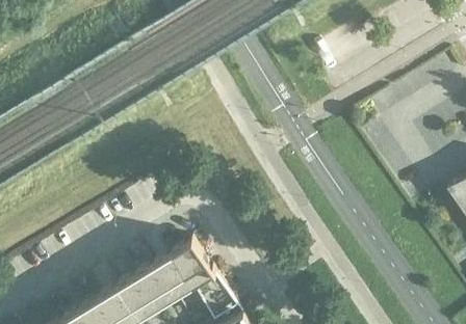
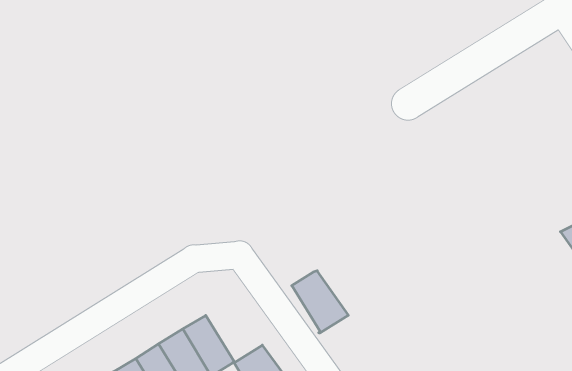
building: [174,245,217,293] -> [292,271,348,333]

